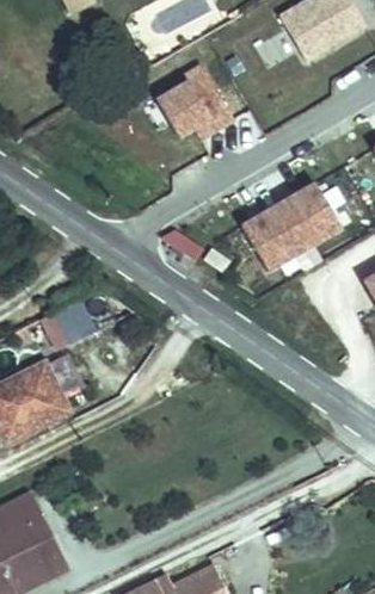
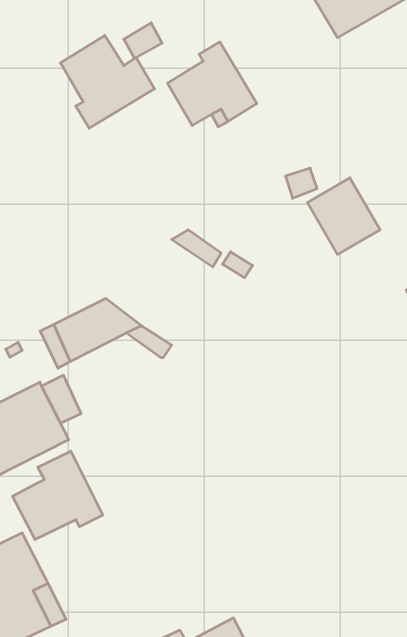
building: none -> [60,35,155,128]
building: [241,205,305,272] -> none
building: none -> [13,451,103,540]

